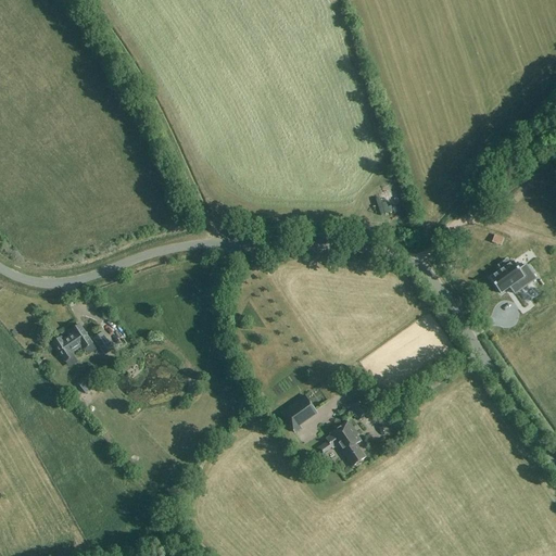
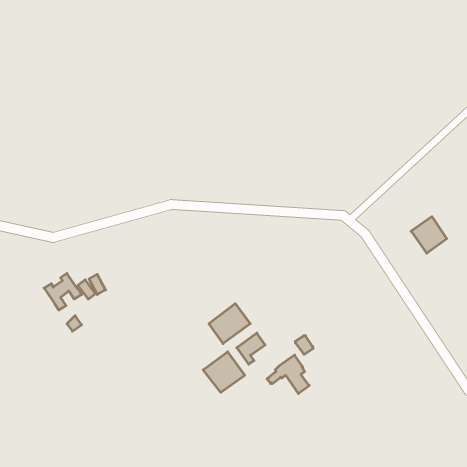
building: none -> [209,304,250,344]
building: none -> [203,352,245,392]

